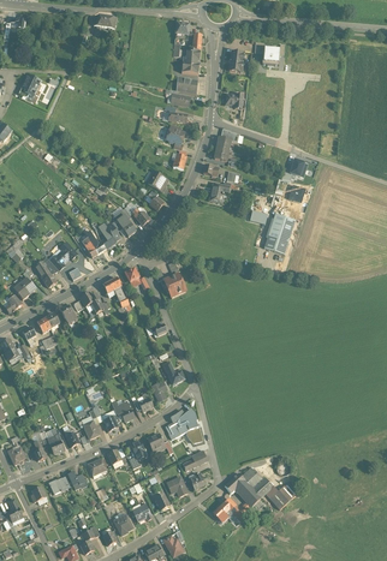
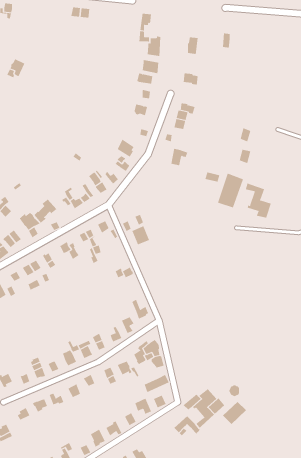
building: none -> [245,183,271,218]

